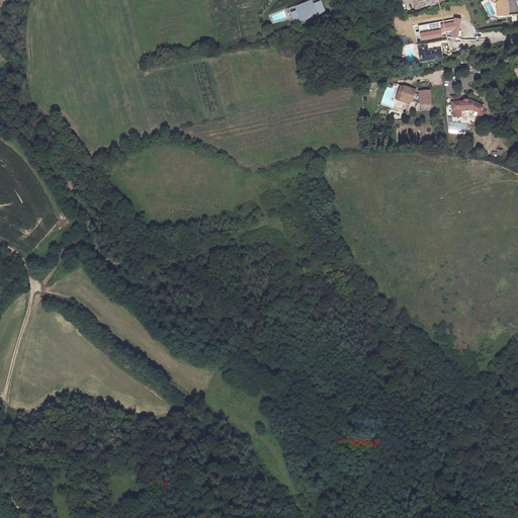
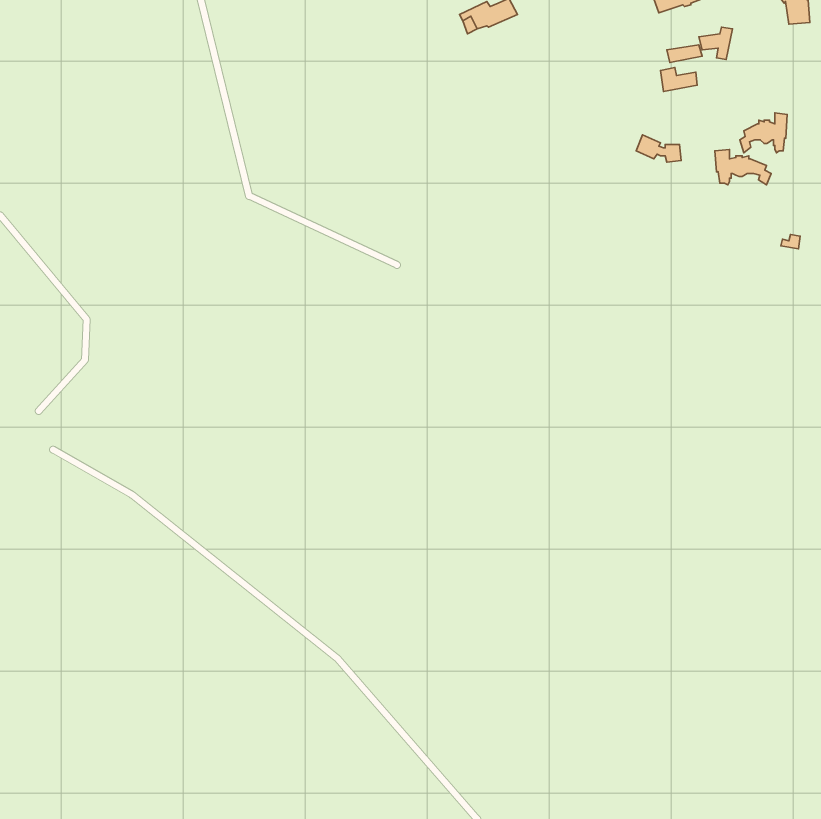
building: none -> [740,113,787,153]

